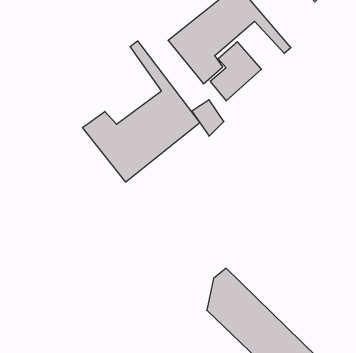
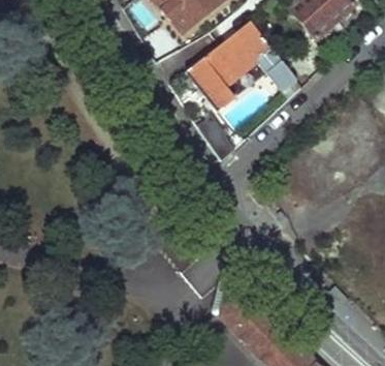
building: [83,41,200,182] -> none

